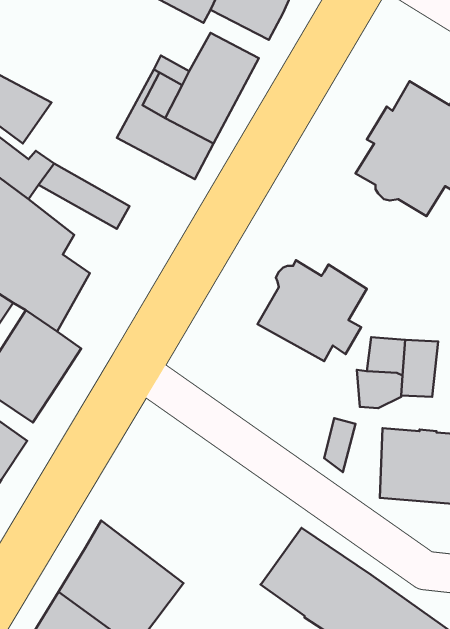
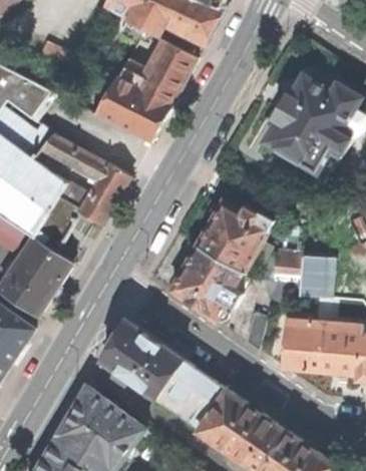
building: none -> [76,163,128,225]
building: none -> [168,247,249,321]
building: none -> [99,319,226,429]

